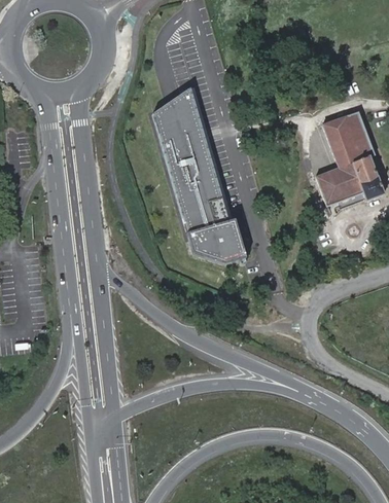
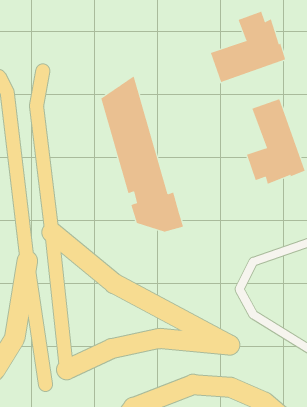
building: none -> [210,11,286,83]

